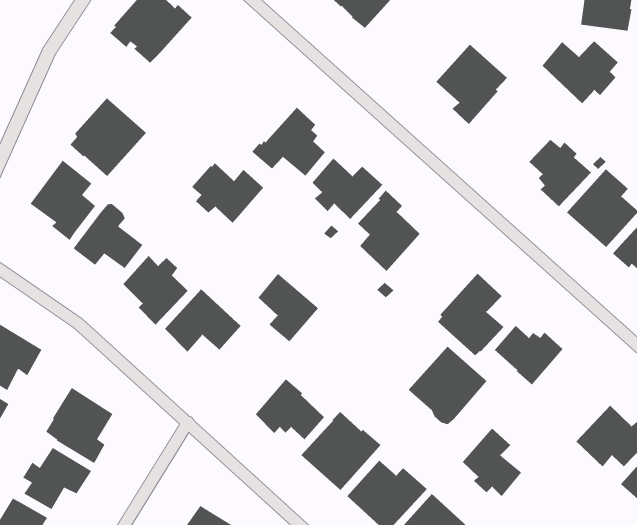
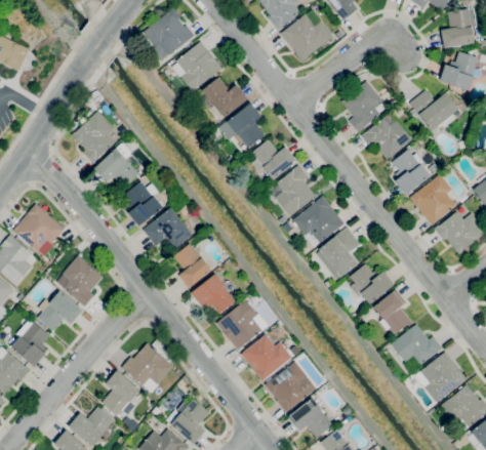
building: none -> [361,111,412,159]
building: [69,97,147,177] -> [172,41,222,91]
building: [191,162,264,224] -> [202,77,248,118]
building: [257,273,319,342] -> [174,243,212,288]
building: [408,346,487,425] -> [293,196,345,246]
building: [462,427,522,497] -> [374,289,411,334]

